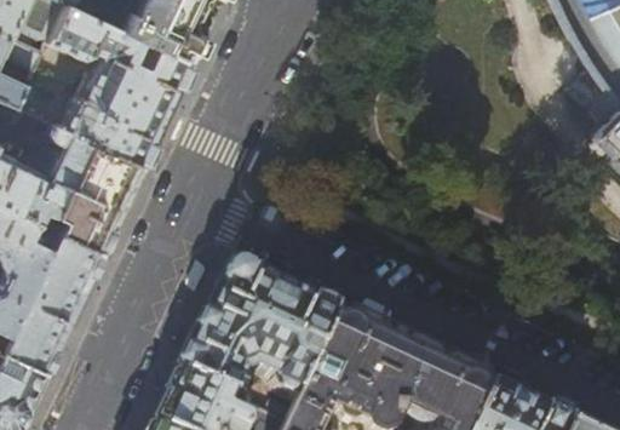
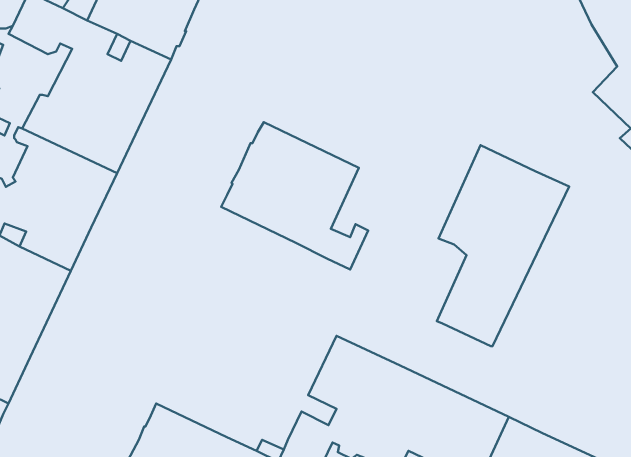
building: none -> [221,122,368,269]
building: none -> [437,145,569,346]
building: [177,260,338,399] -> none

